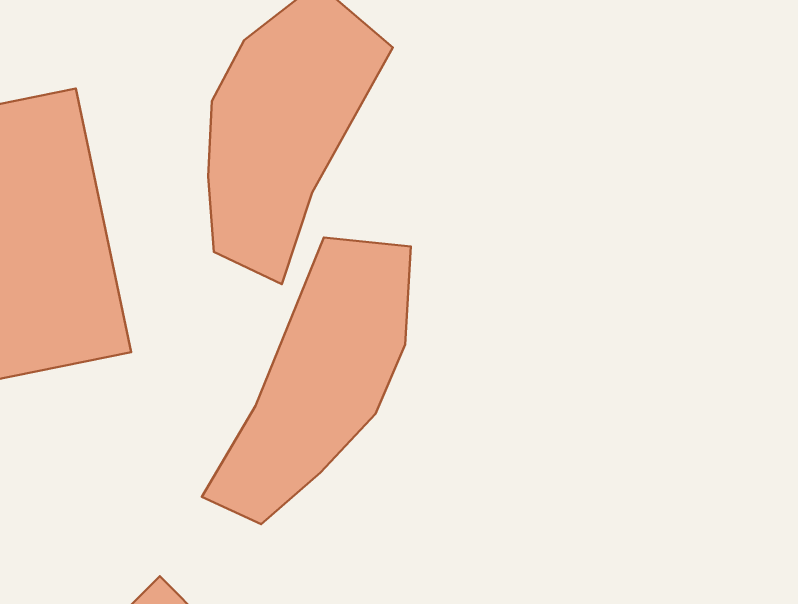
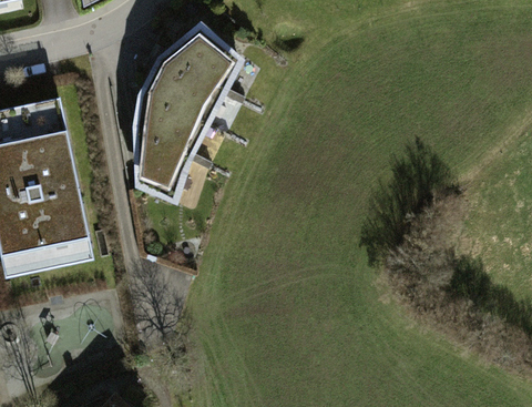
building: [202,238,411,524] -> none

